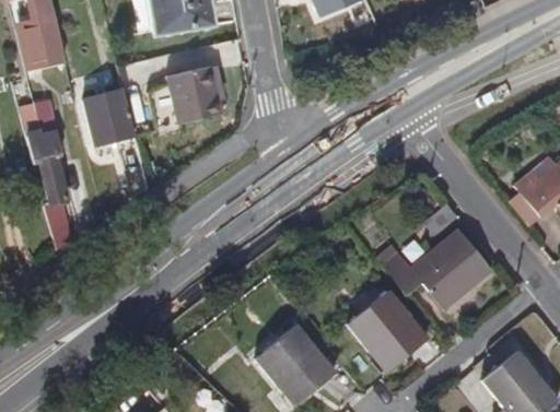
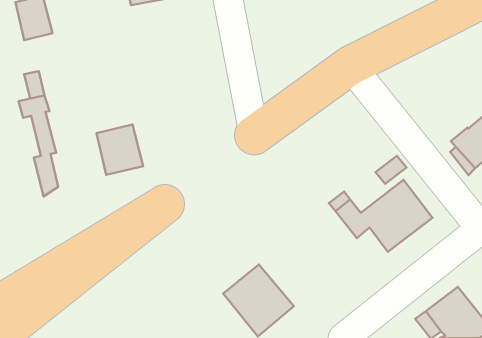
building: [168,66,221,121] -> none
building: [83,85,136,142] -> [97,124,143,175]
building: [349,290,429,372] -> none

